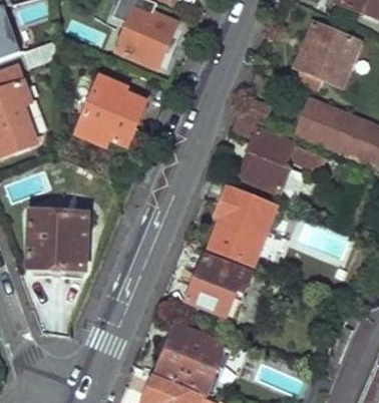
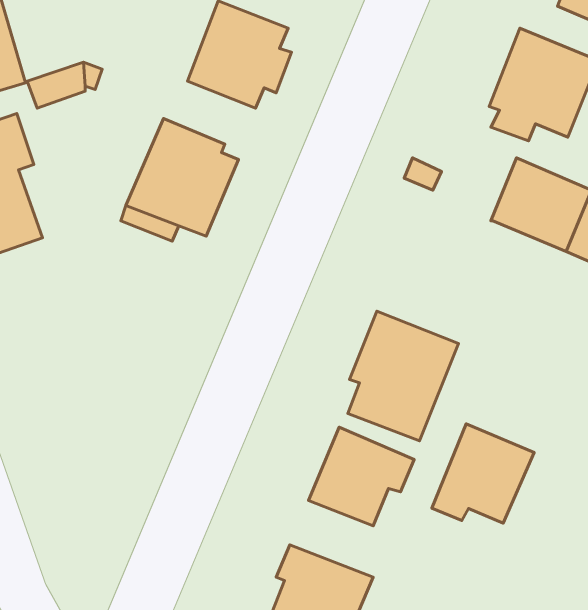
building: [232,108,317,189] -> none
building: [17,200,86,276] -> none
building: none -> [432,424,534,523]

